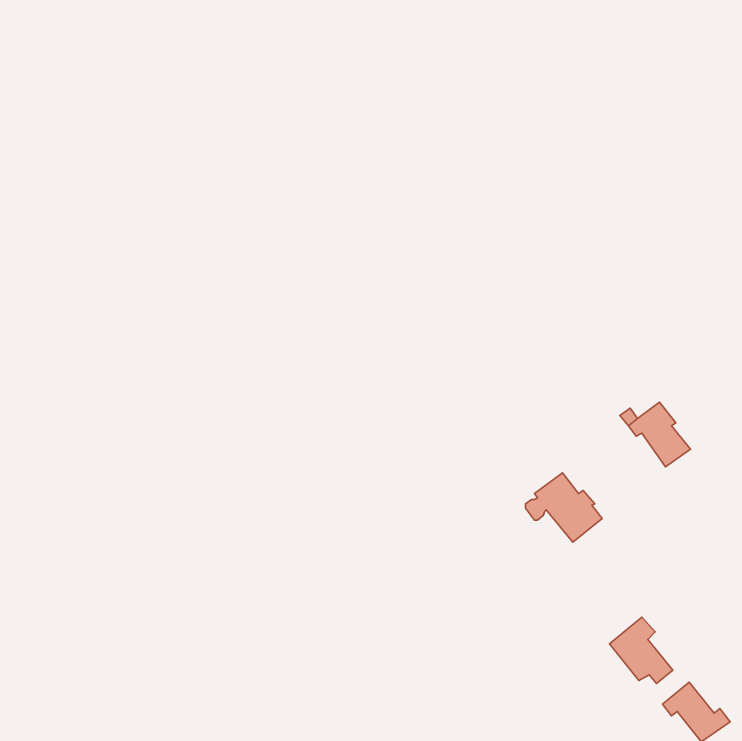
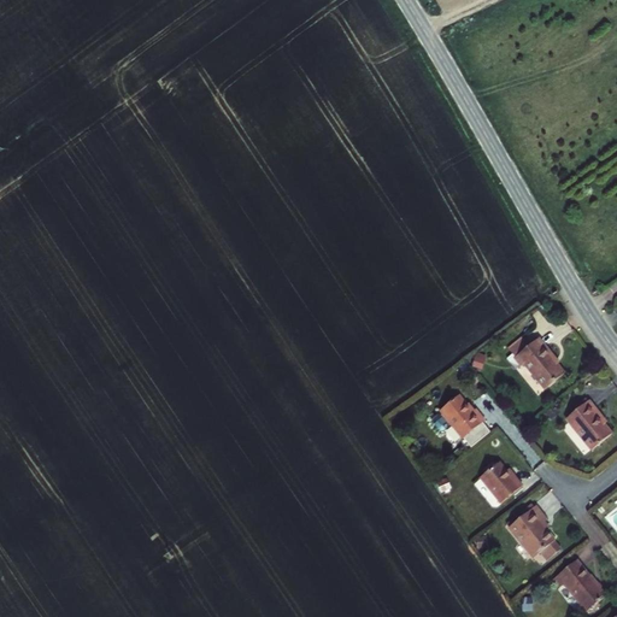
building: none -> [565,402,610,453]
building: none -> [475,462,517,503]

